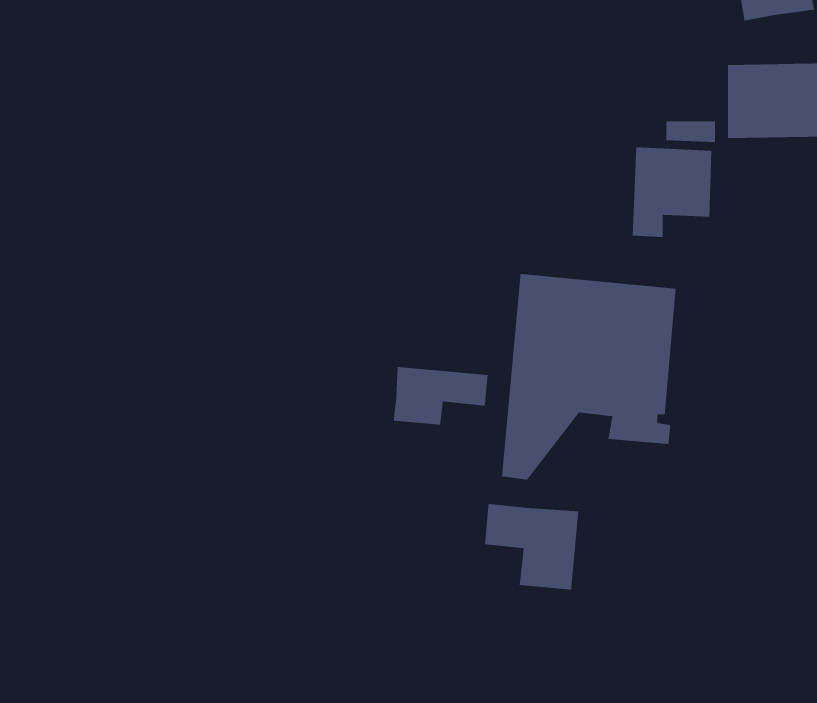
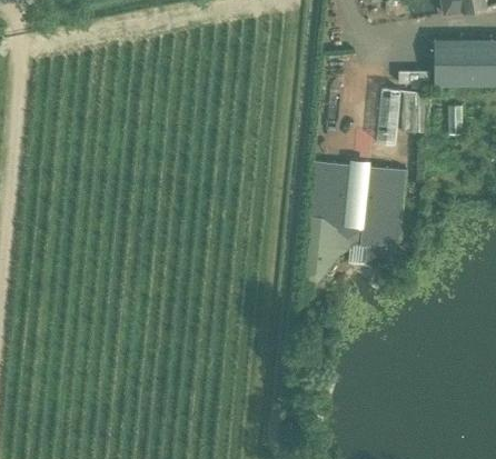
building: [393,366,489,425] -> none
building: [484,503,579,591] -> none

